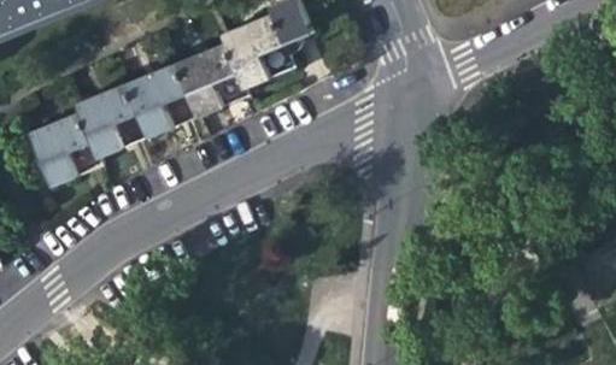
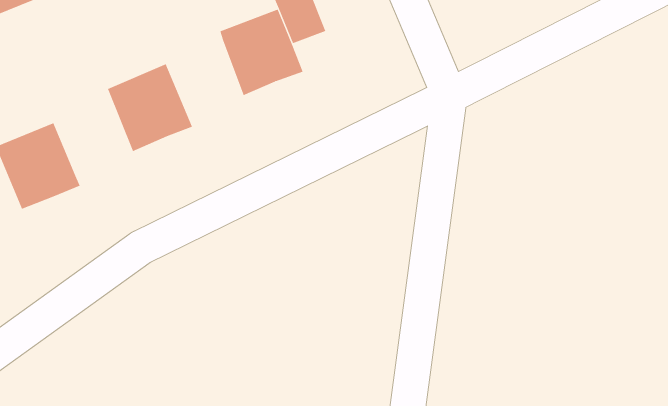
building: [176,41,246,116] -> none
building: [76,83,147,158] -> none

